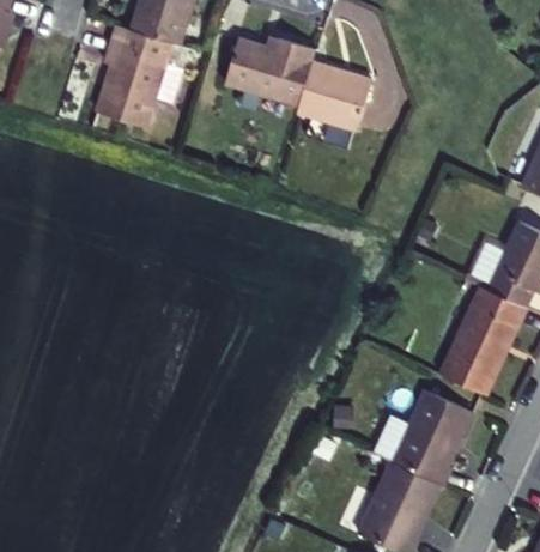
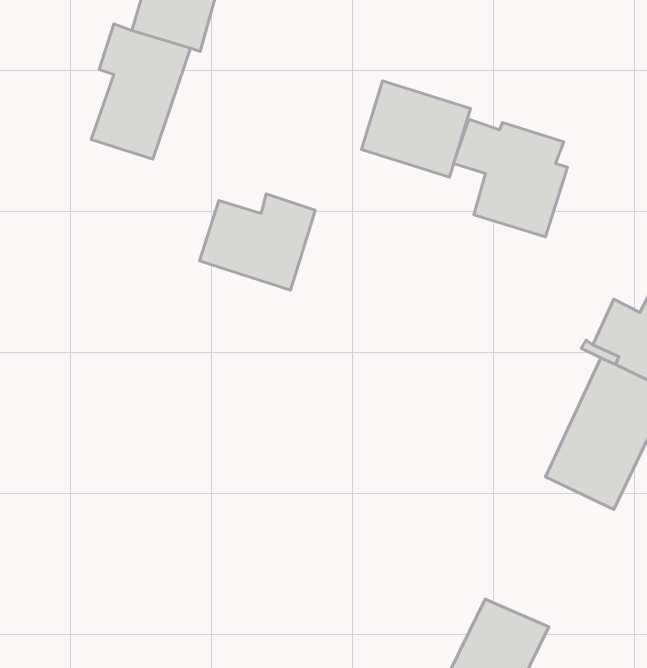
building: [233,50,318,121] -> [199,194,315,290]
building: none -> [454,119,567,237]
building: [392,382,478,475] -> none

